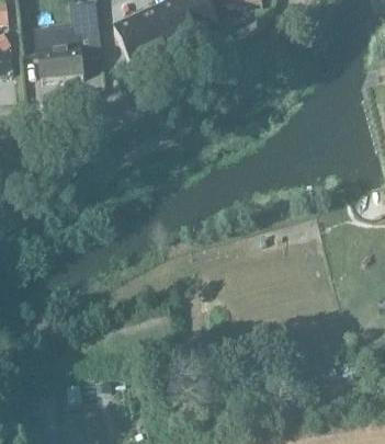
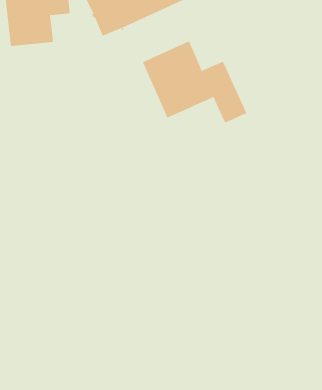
building: none -> [142,41,247,123]

